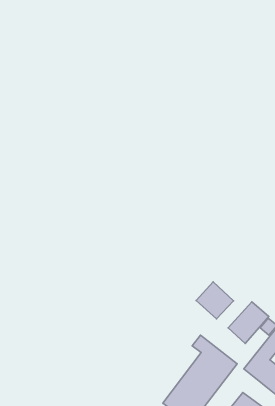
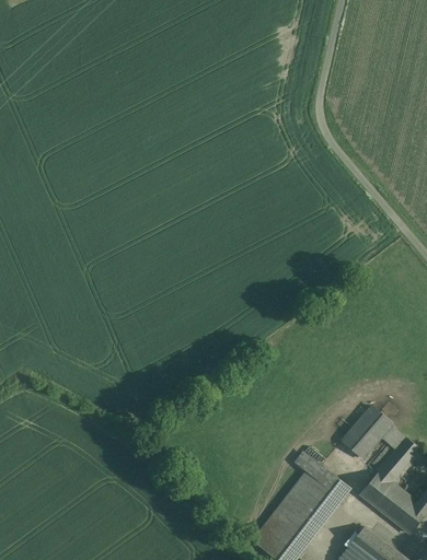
building: [196,282,233,319] -> none

